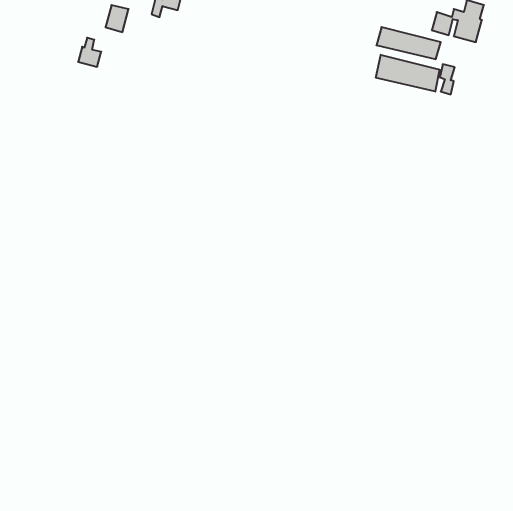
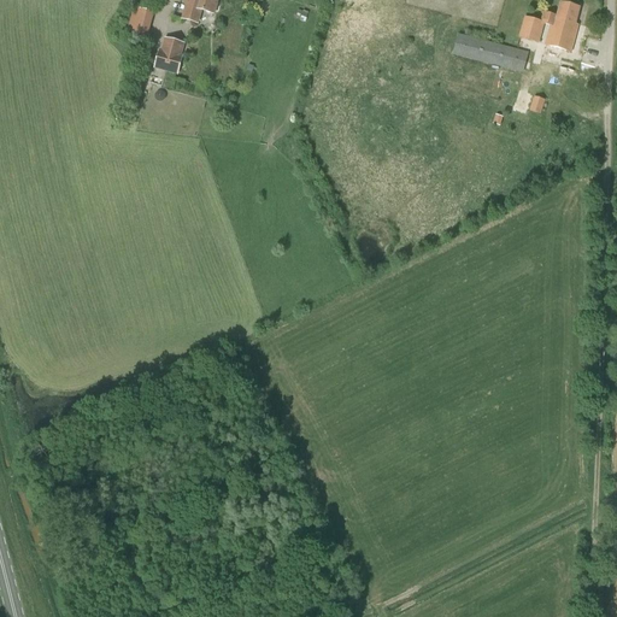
building: [78,38,101,67] -> [154,37,182,72]
building: [376,55,440,92] -> none

